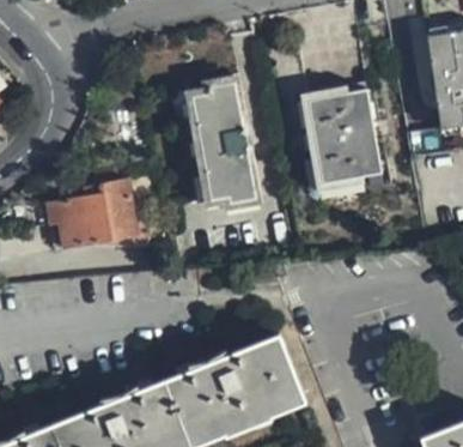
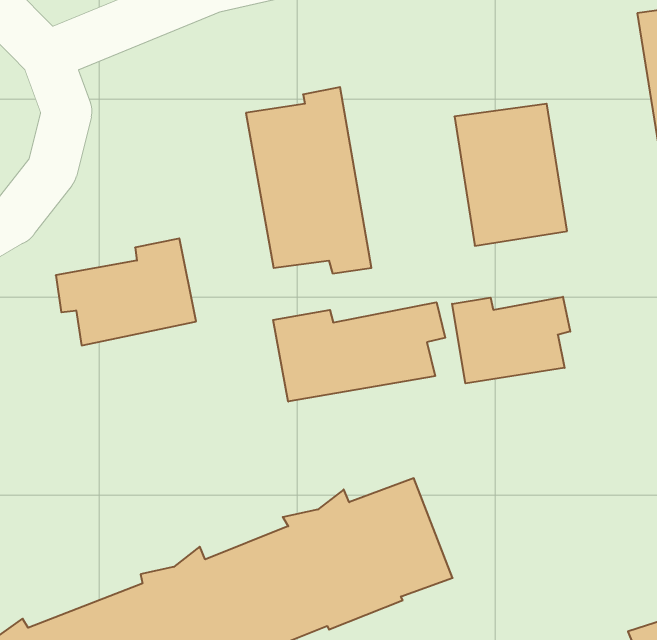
building: none -> [452,297,570,383]
building: none -> [273,302,445,402]

